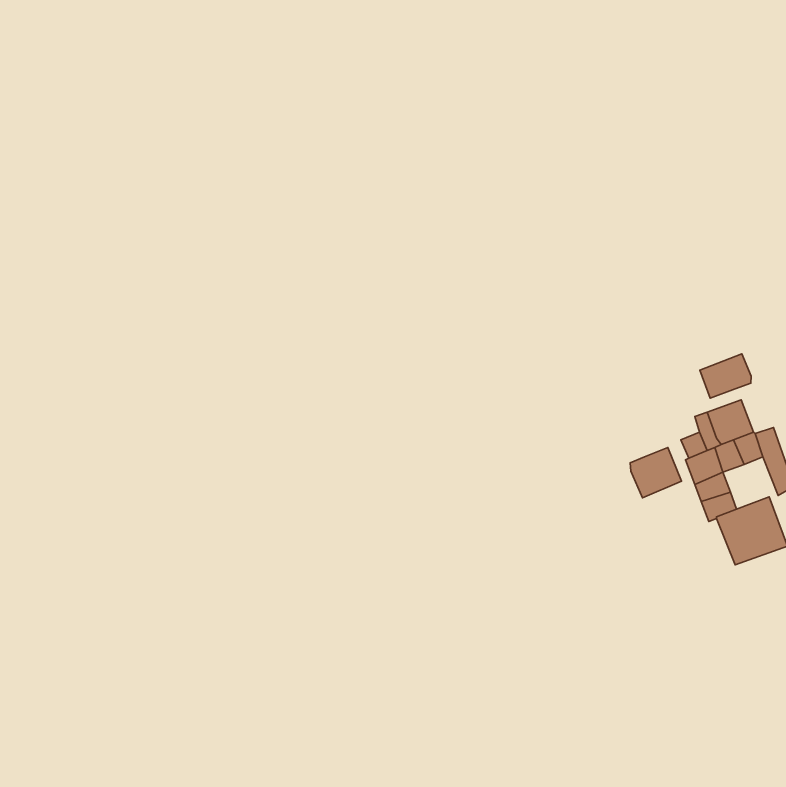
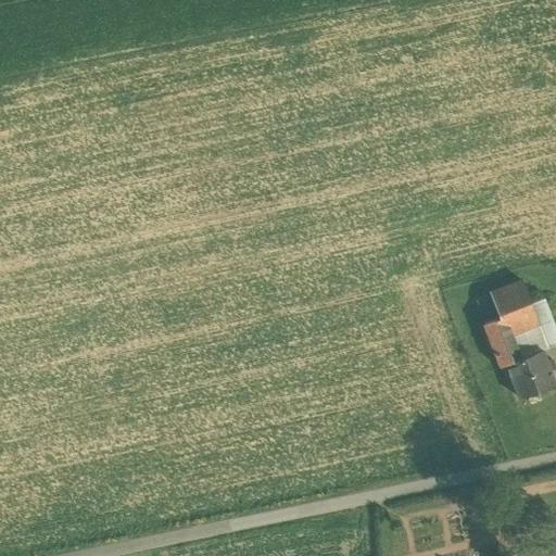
building: [700,354,751,398] -> none
building: [630,447,681,498] -> none

